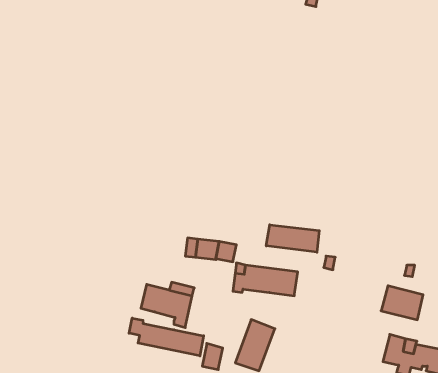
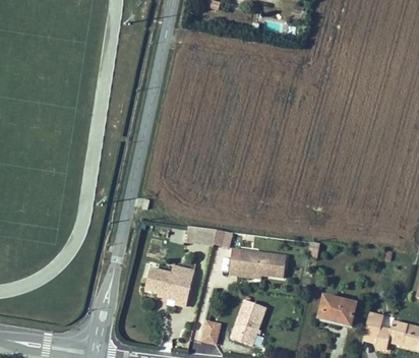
building: [266,225,319,252] -> none
building: [381,286,423,320] -> [317,295,355,325]
building: [129,318,204,356] -> none

